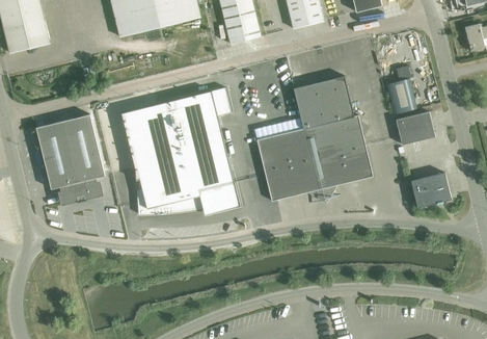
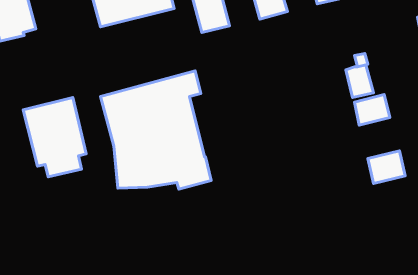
building: [256,76,372,202] -> none

